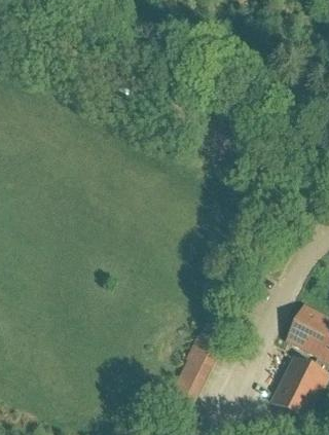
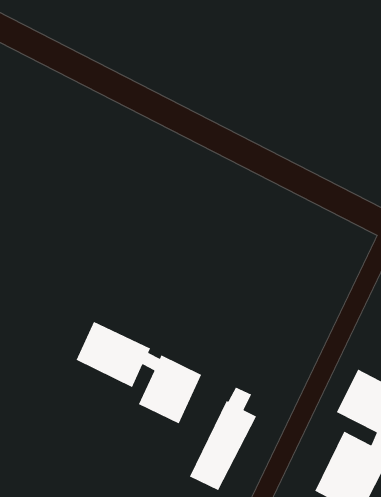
building: none -> [76,321,202,424]

